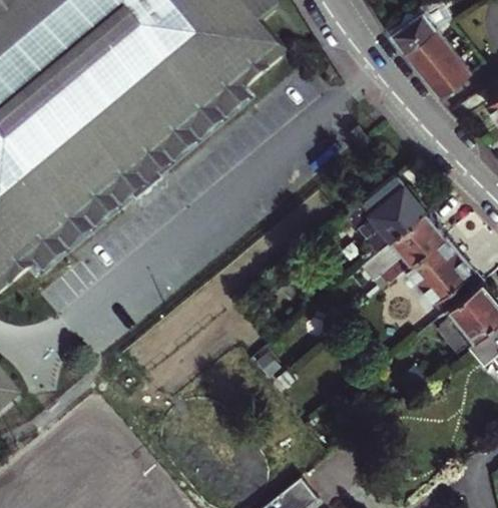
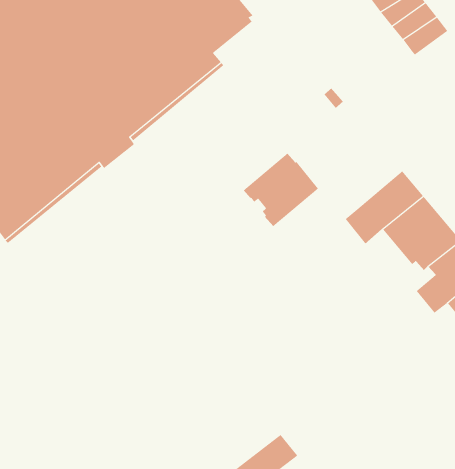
building: [348,173,423,246] -> [243,153,319,227]

